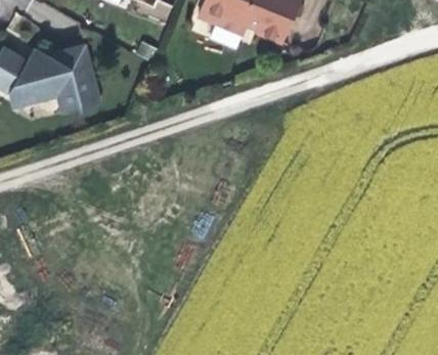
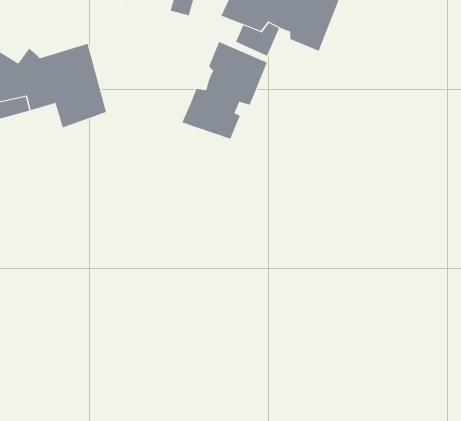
building: none -> [182,41,267,139]

